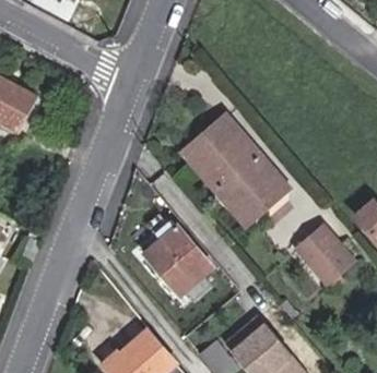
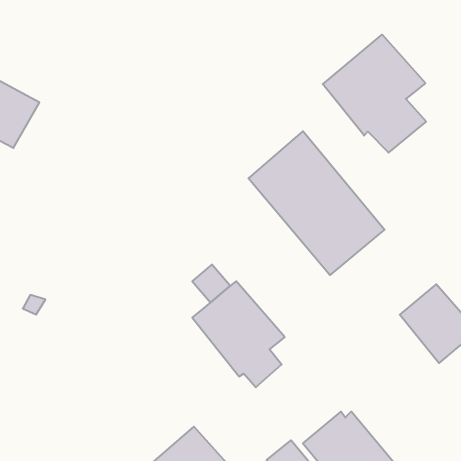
building: none -> [323,35,426,153]

